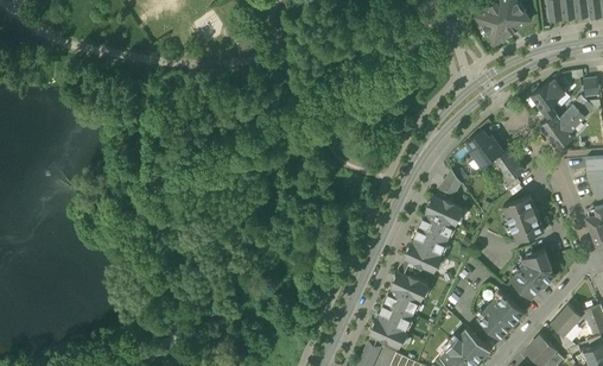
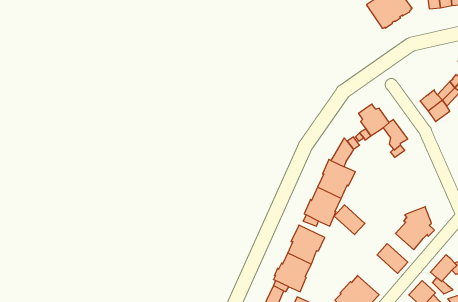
building: [532,80,567,120] -> none
building: [503,196,545,242] -> none
building: [477,305,513,340] -> [334,205,365,235]

